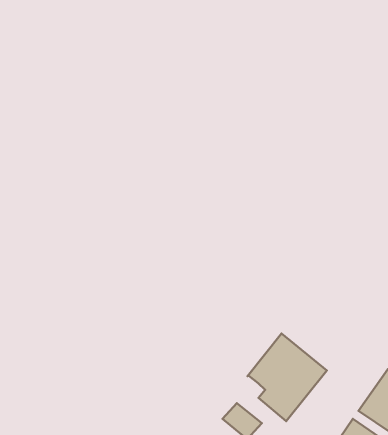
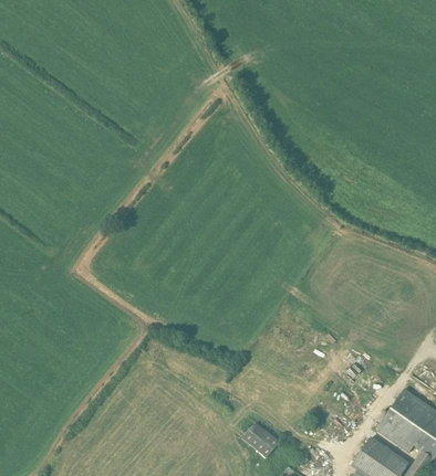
building: [247,334,327,421] -> none

